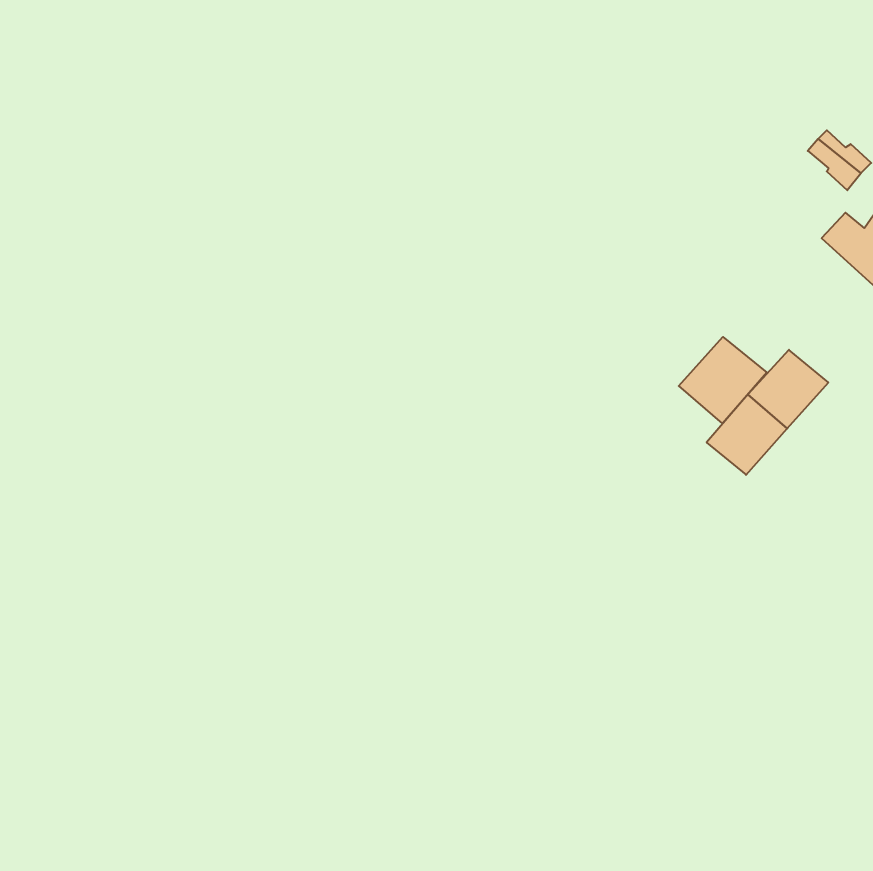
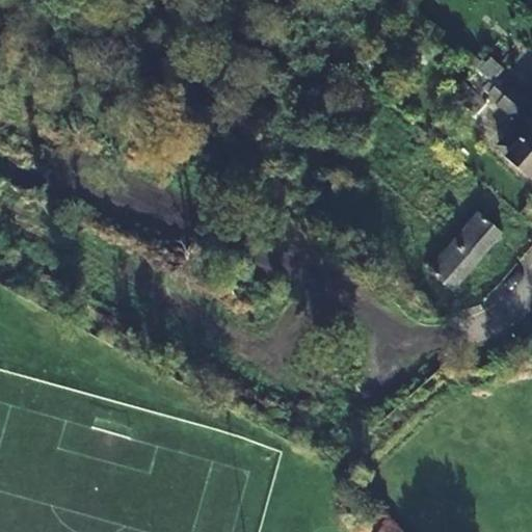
building: [679,337,767,423] -> none

